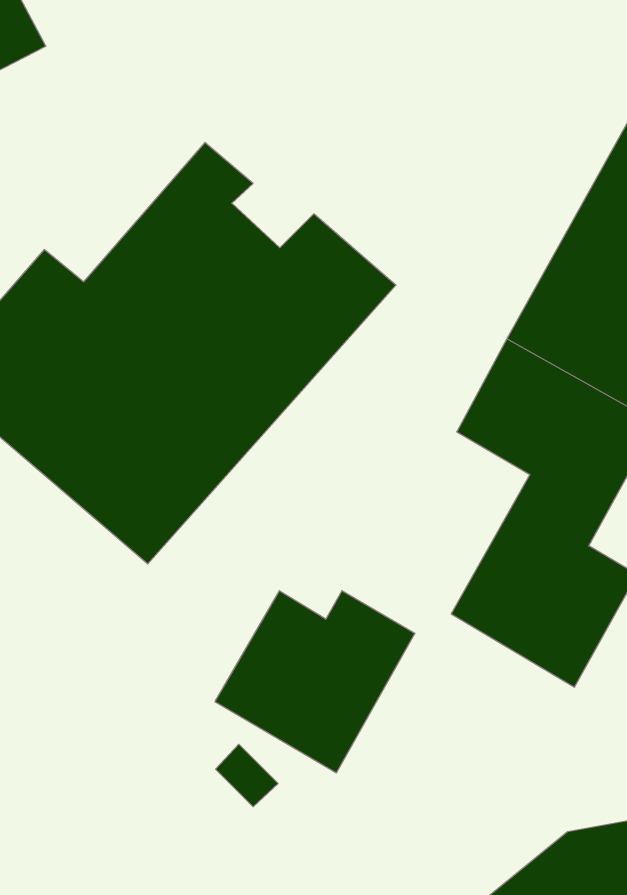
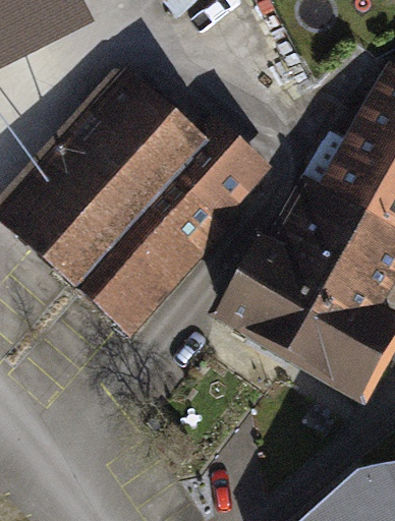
building: [215,591,415,773] -> [223,247,337,351]

